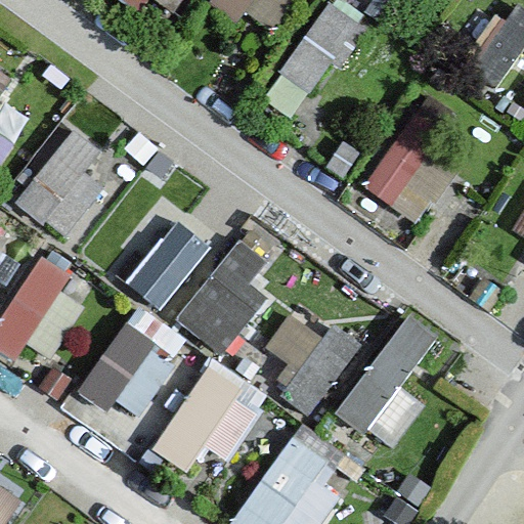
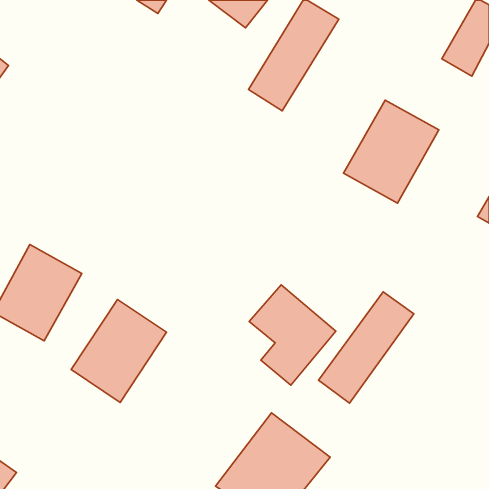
building: [14,138,117,241] -> none
building: [126,219,210,309] -> none
building: [176,241,269,354] -> none
building: [152,364,266,471] -> none

